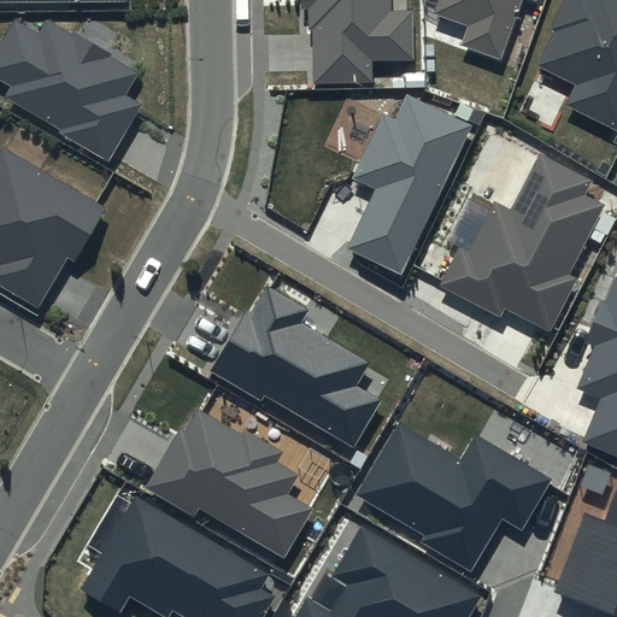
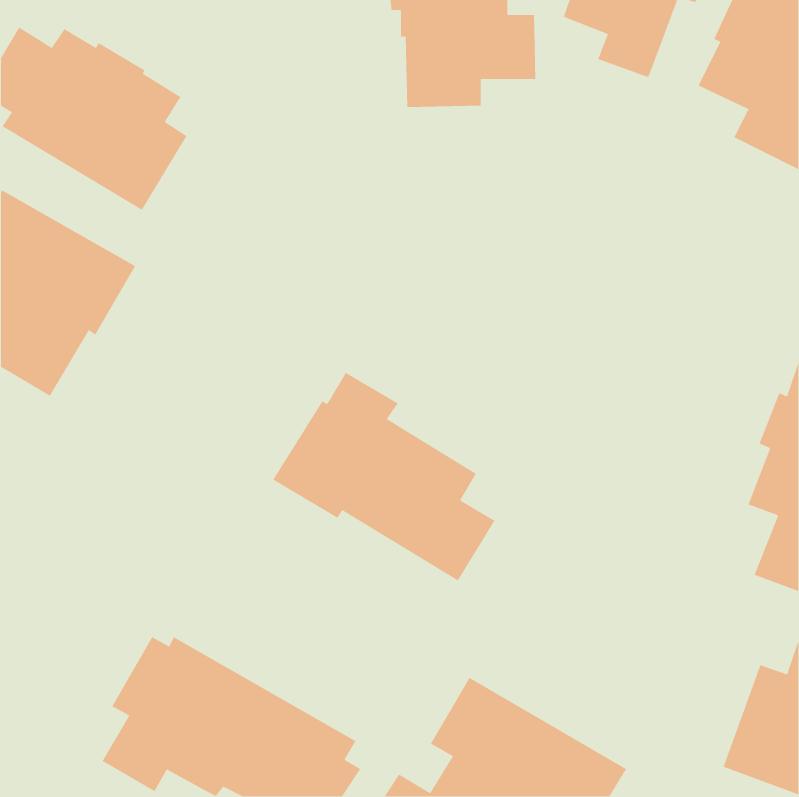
building: [346,96,471,275] -> none
building: [439,157,604,333] -> none
building: [146,407,313,557] -> none
building: [358,423,552,571] -> none

